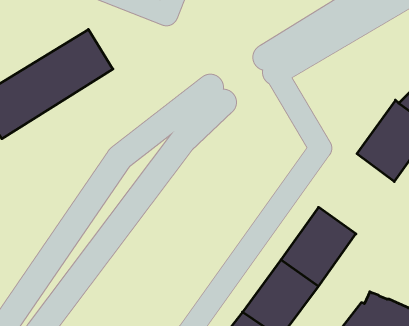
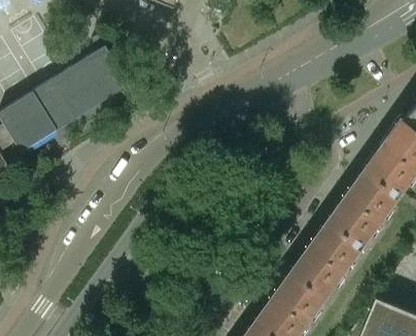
building: none -> [326,167,400,244]

